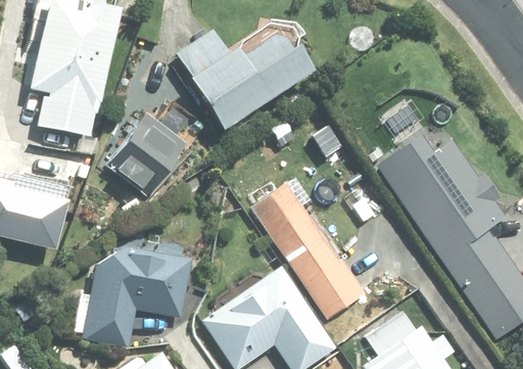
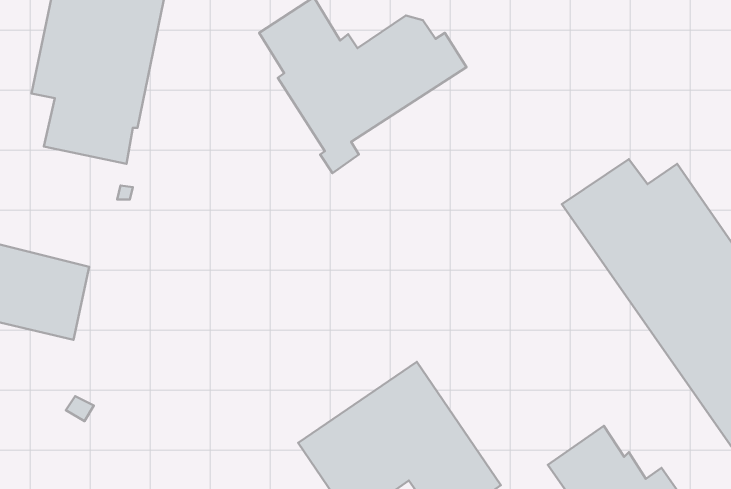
building: [106,112,187,196] -> none
building: [250,180,367,317] -> none
building: [72,246,192,345] -> none

